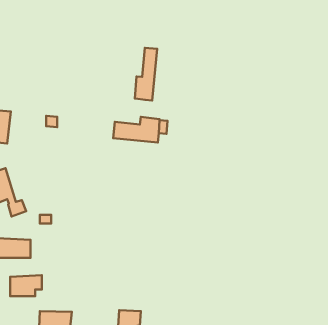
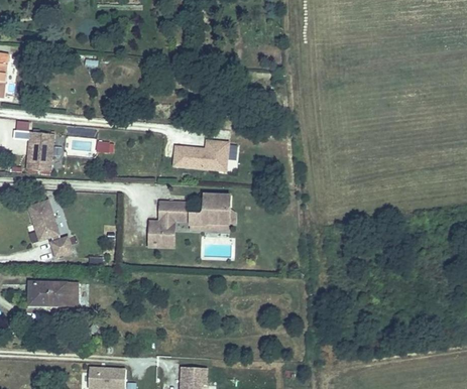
building: [135,48,157,101] -> none
building: none -> [150,194,230,248]
building: [10,275,42,296] -> none

